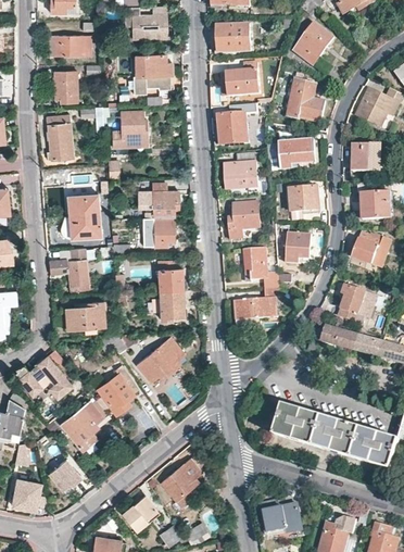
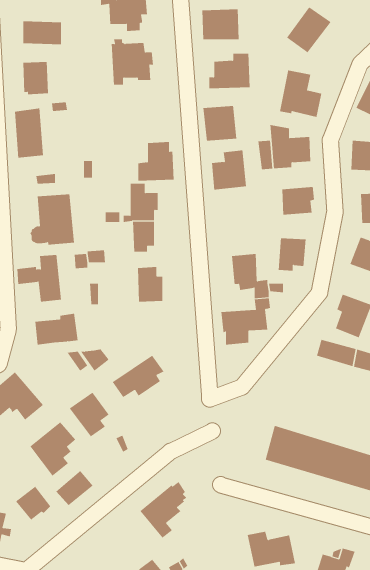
building: [114,111,148,147] -> [137,142,174,181]
building: [229,197,264,239] -> none
building: [160,290,185,317] -> none
building: [122,494,156,527] -> [55,470,94,506]

